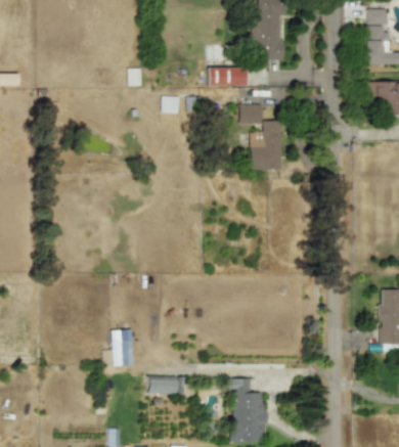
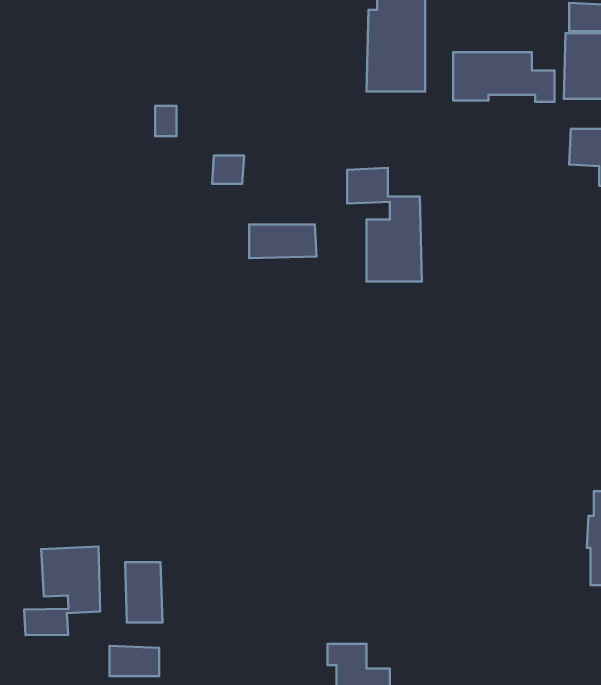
building: none -> [453,52,555,102]
building: [208,66,247,86] -> [249,225,317,258]
building: none -> [24,547,100,635]
building: [147,375,176,393] -> [110,646,159,676]

